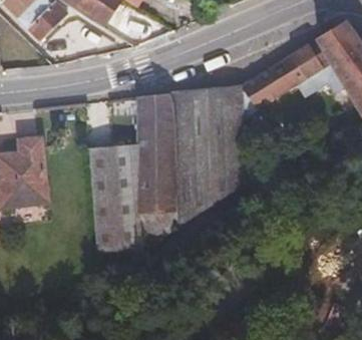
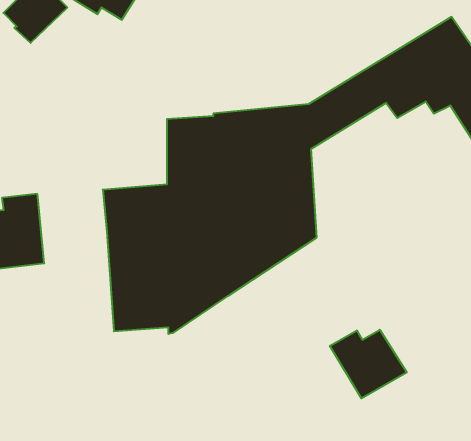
building: none -> [330,330,407,398]

